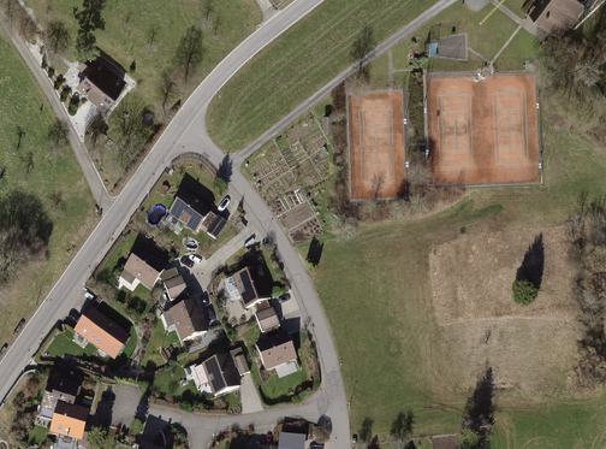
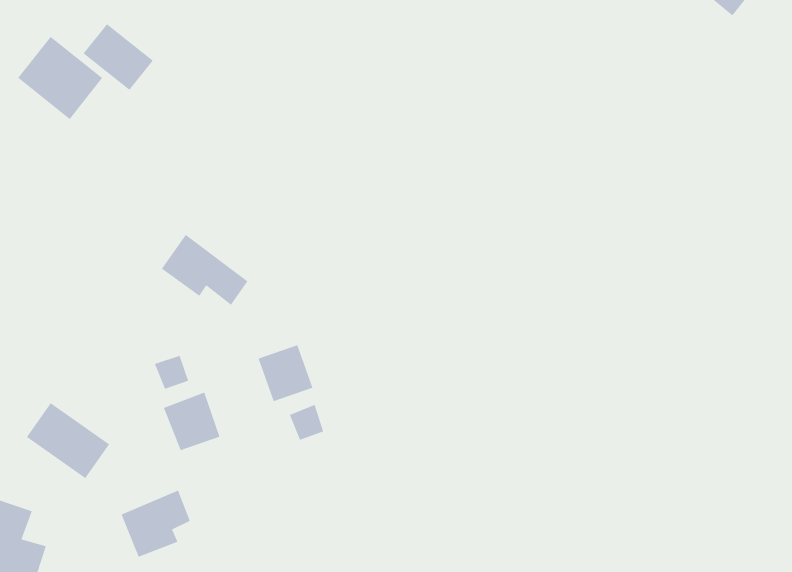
building: none -> [83,23,154,91]
building: [118,247,166,289] -> none
building: [255,332,295,370] -> none
building: [200,349,248,396] -> [121,490,191,558]

